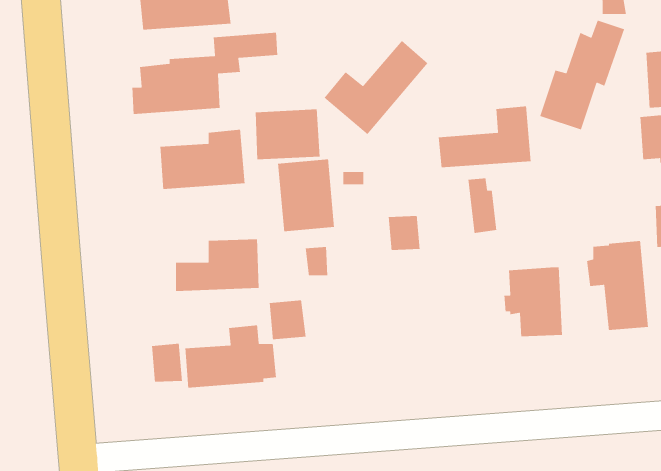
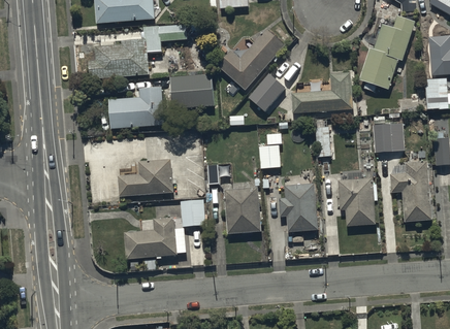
building: none -> [249,73,289,114]
building: [277,159,335,232] -> [222,187,260,235]
building: none -> [373,124,404,152]
building: none -> [279,184,317,231]
building: [151,343,183,383] -> none

